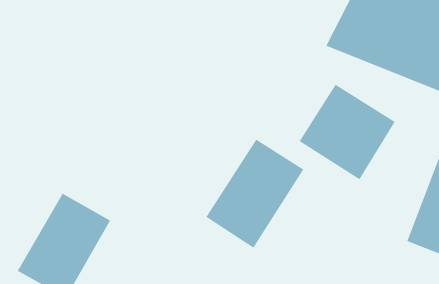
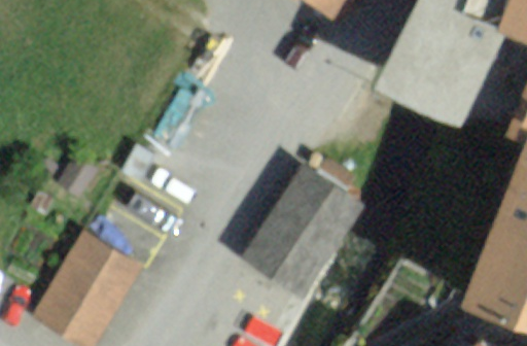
building: [299,84,396,180] -> none

